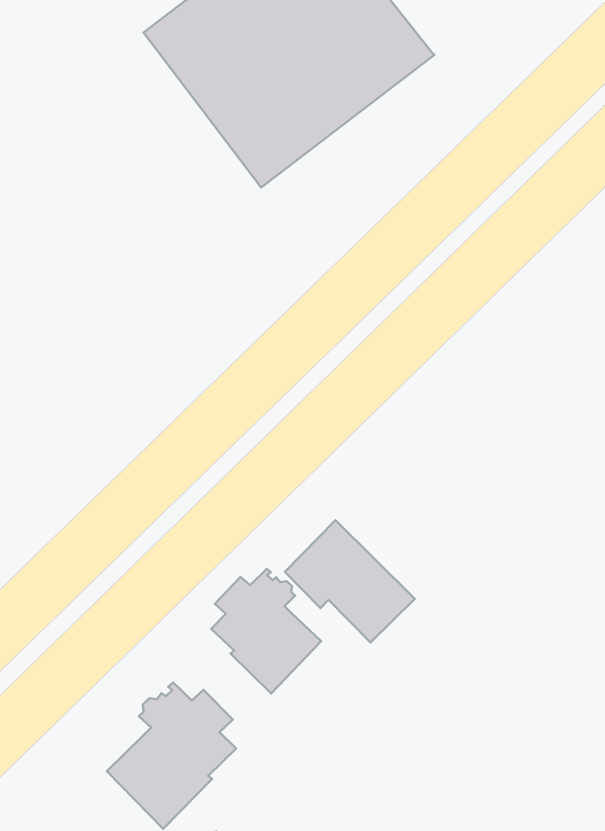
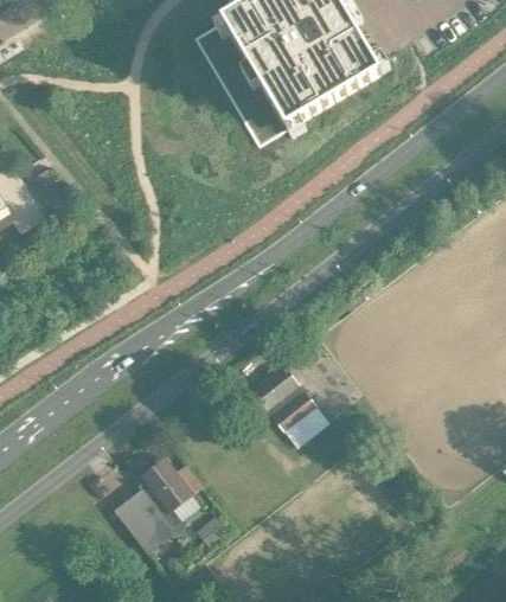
building: [211,569,321,693] -> none

